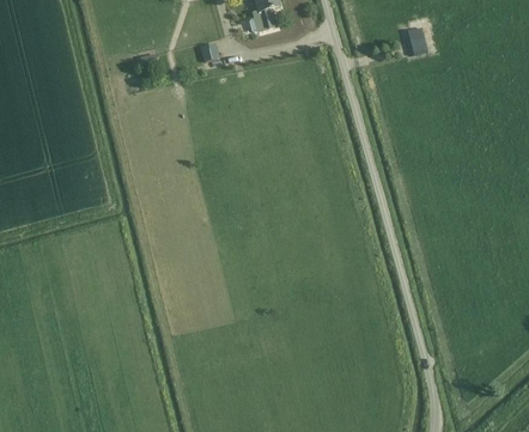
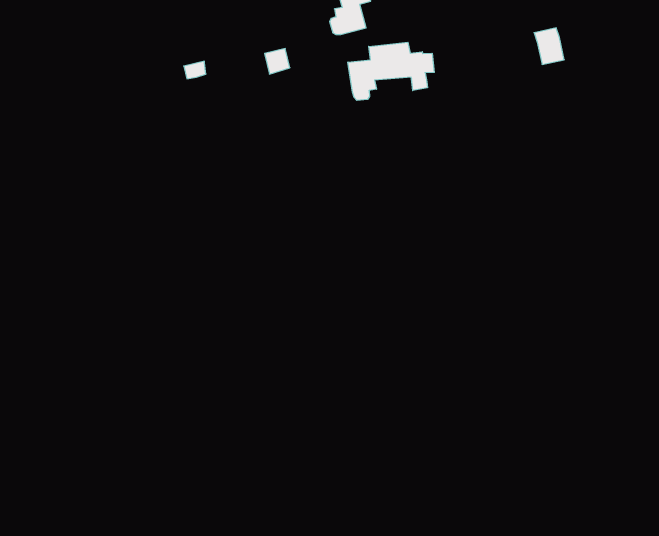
building: none -> [348,42,434,100]

